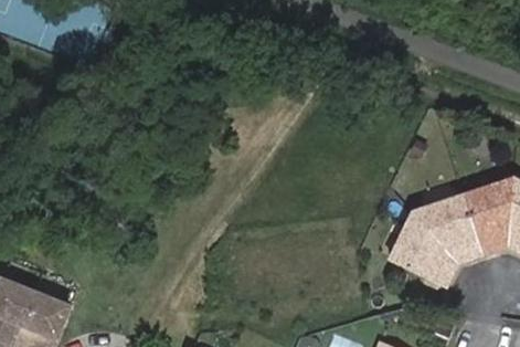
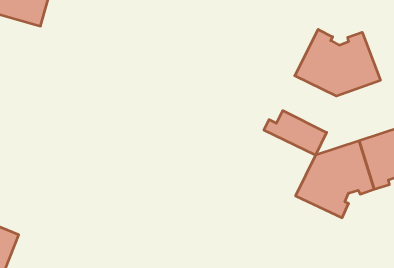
building: none -> [295,29,380,96]
building: none -> [264,111,327,155]

